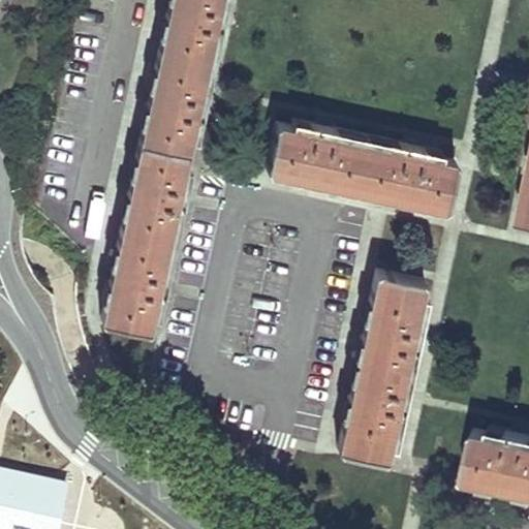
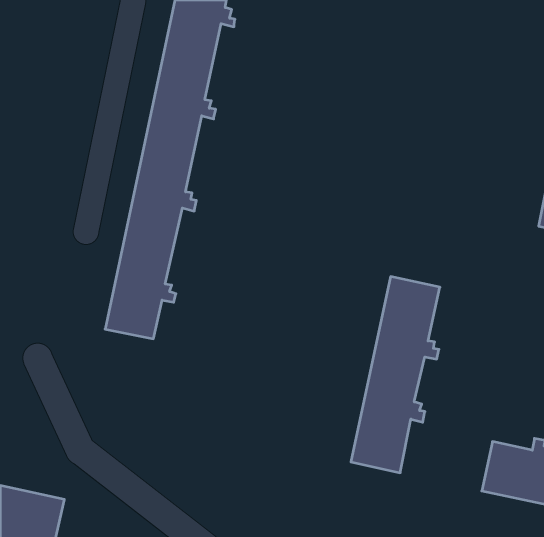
building: [270,126,460,215] -> none

